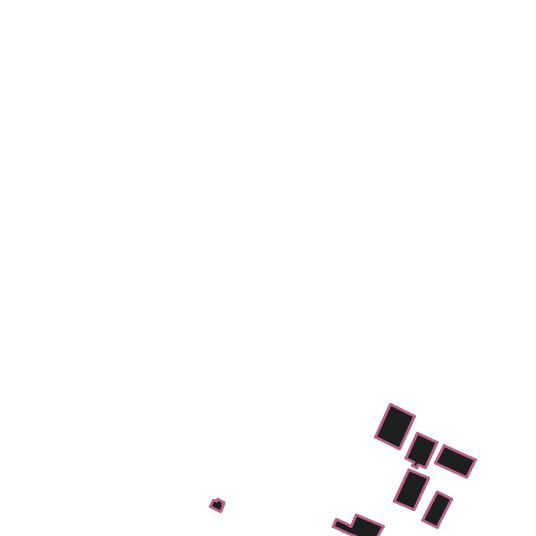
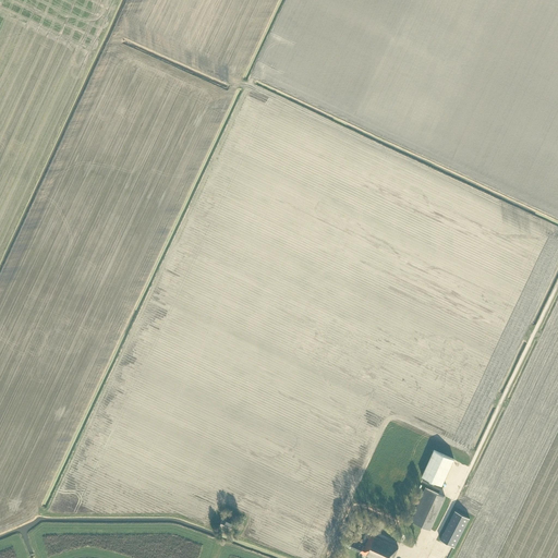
building: [375,404,415,449] -> none
building: [435,445,476,477] -> none

